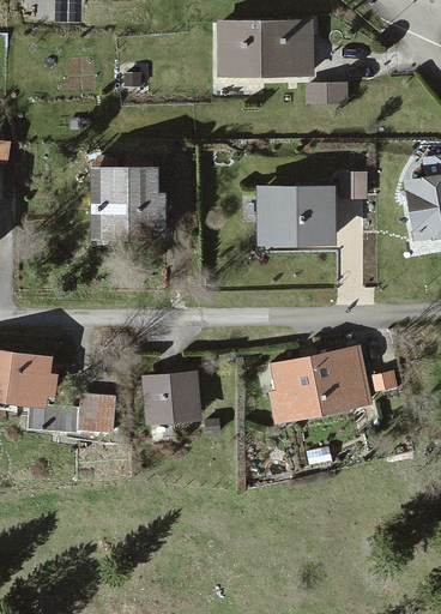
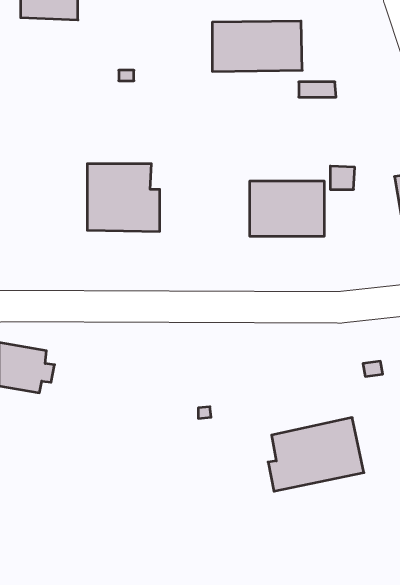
building: [271,347,369,422] -> [268,418,364,491]
building: [144,375,199,422] -> none
building: [29,393,115,433] -> none

